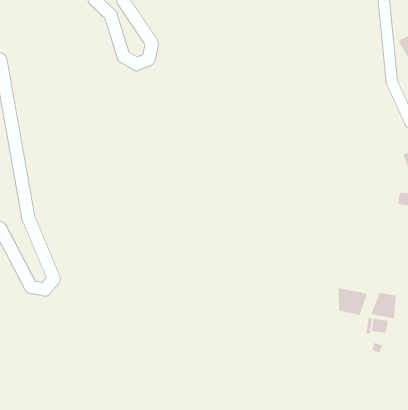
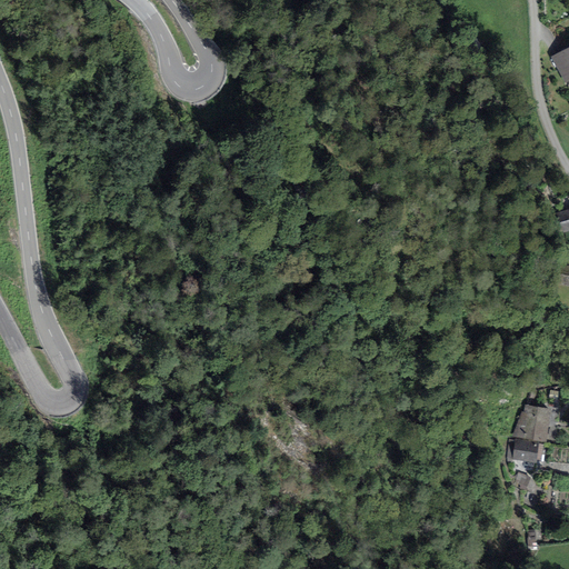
building: [338,287,368,316] -> none

